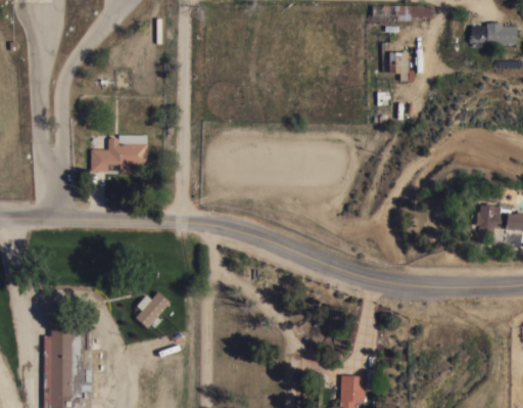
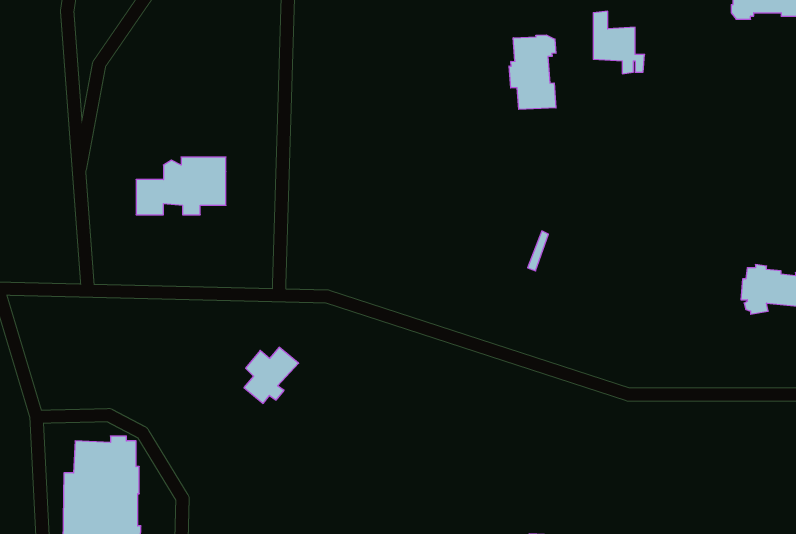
building: none -> [509,35,556,109]
building: [135,293,170,329] -> [244,347,299,403]

